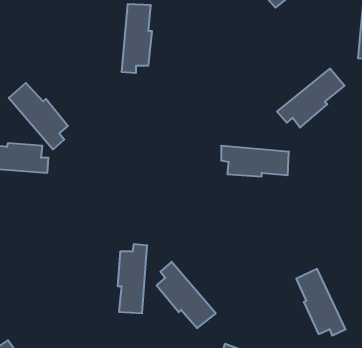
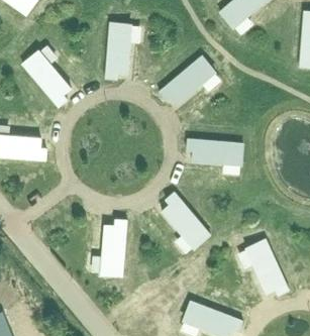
building: [277,69,345,128] -> [159,57,214,105]
building: [9,83,68,149] -> [22,52,71,107]
building: [157,262,216,328] -> [162,192,210,246]

